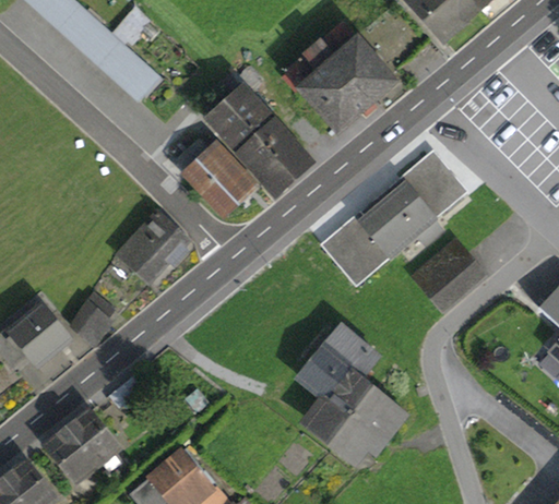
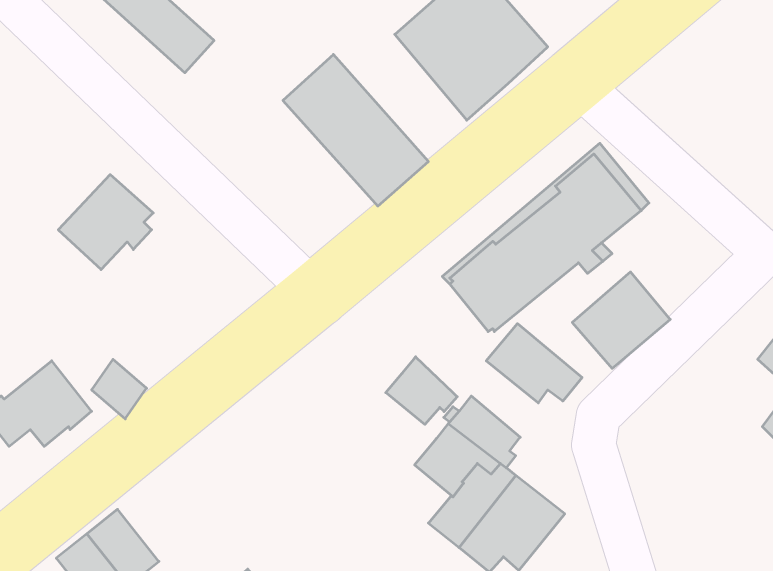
building: [175,139,254,213] -> none
building: [119,212,187,279] -> [58,175,153,270]
building: none -> [486,324,582,403]
building: none -> [386,357,457,424]

